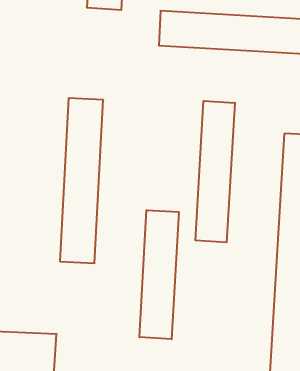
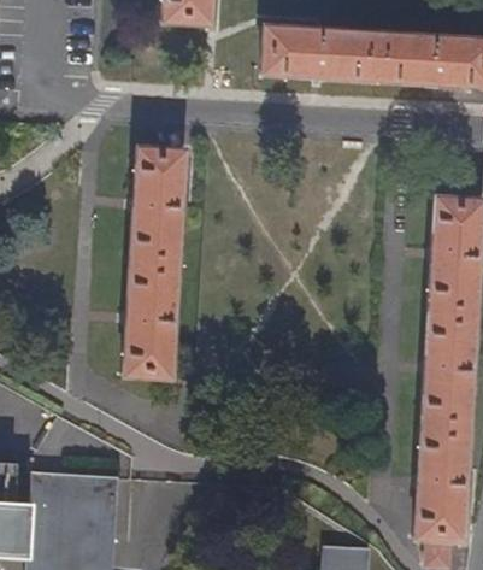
building: [195,101,235,242] -> none
building: [139,210,179,339] -> none

